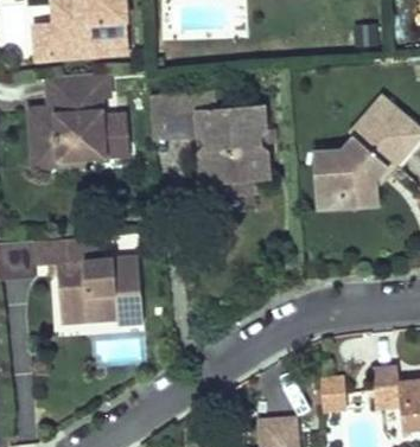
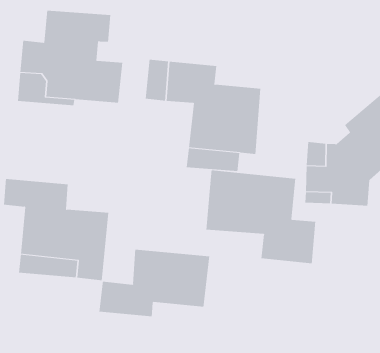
building: none -> [206,170,316,264]
building: none -> [99,249,210,317]

